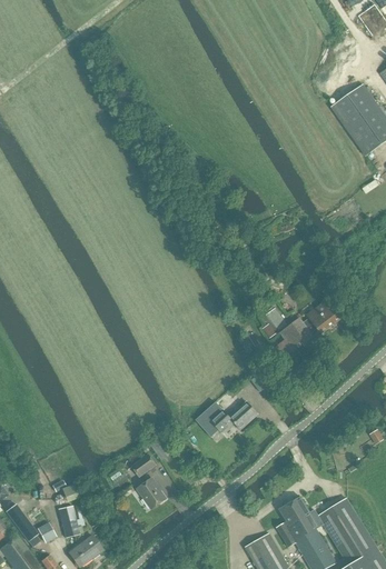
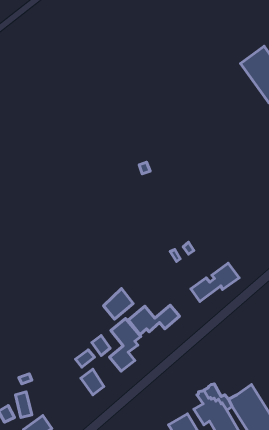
building: [280,301,339,348] -> [191,263,239,301]
building: none -> [103,289,133,319]
building: none -> [110,318,141,371]

